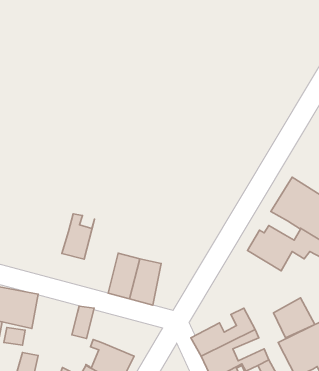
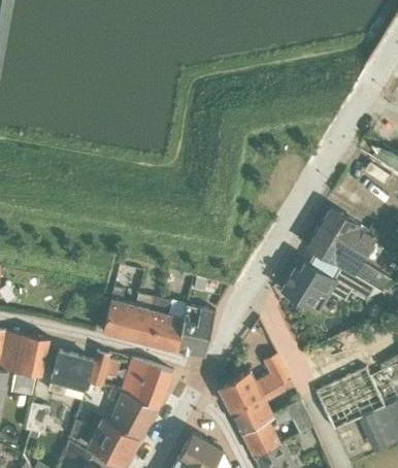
building: [62,214,94,259] -> [102,288,138,338]
building: none -> [176,305,215,357]
building: [273,298,315,338] -> none
building: none -> [48,352,93,396]
building: none -> [120,360,172,409]

